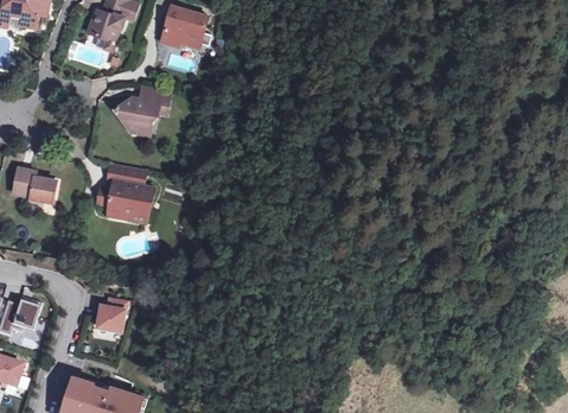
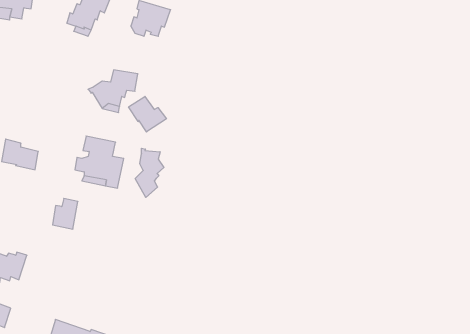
building: none -> [129,96,166,132]
building: none -> [135,148,164,197]
building: [96,297,126,332] -> [53,198,78,229]

